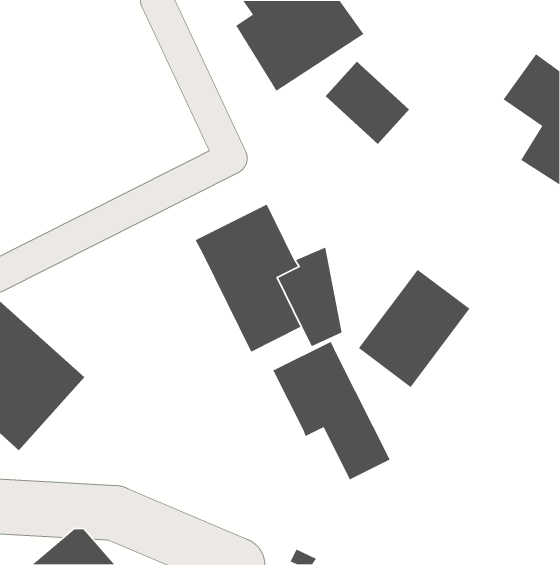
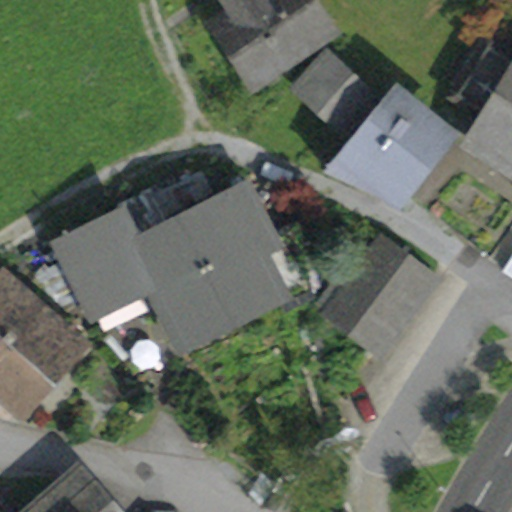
building: none -> [323,97,441,198]
building: none -> [55,215,227,341]
building: [272,341,391,480] -> none

